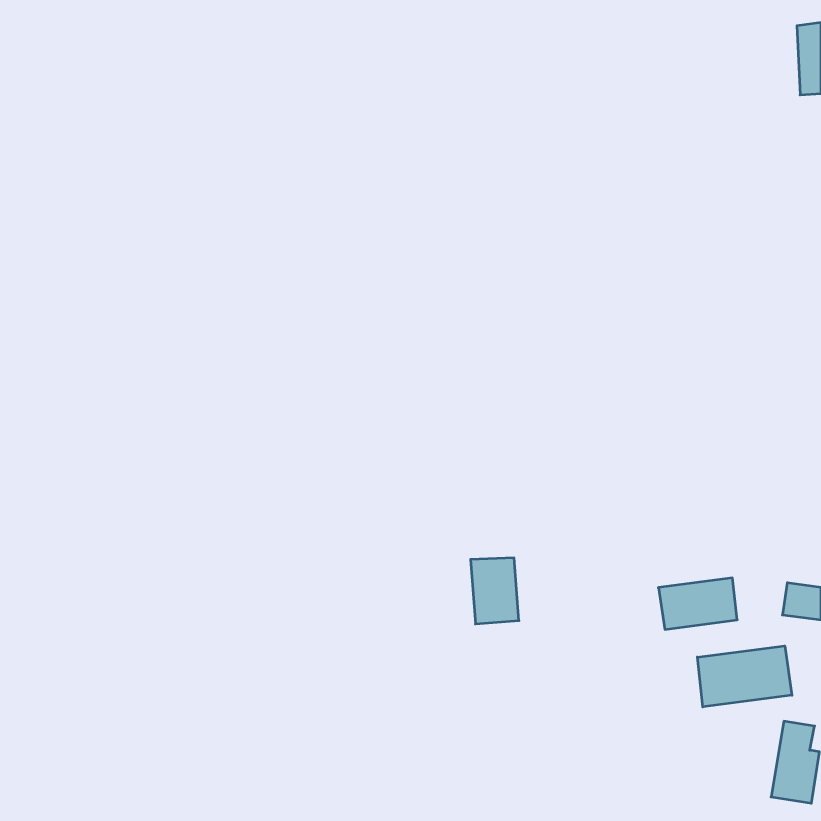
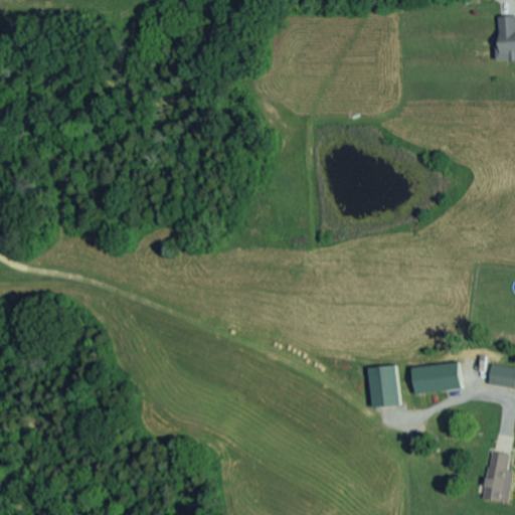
building: [471,558,519,624] -> [369,366,399,407]
building: [697,646,792,707] -> none

